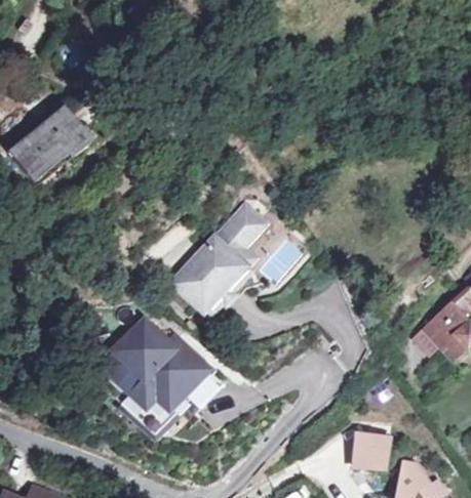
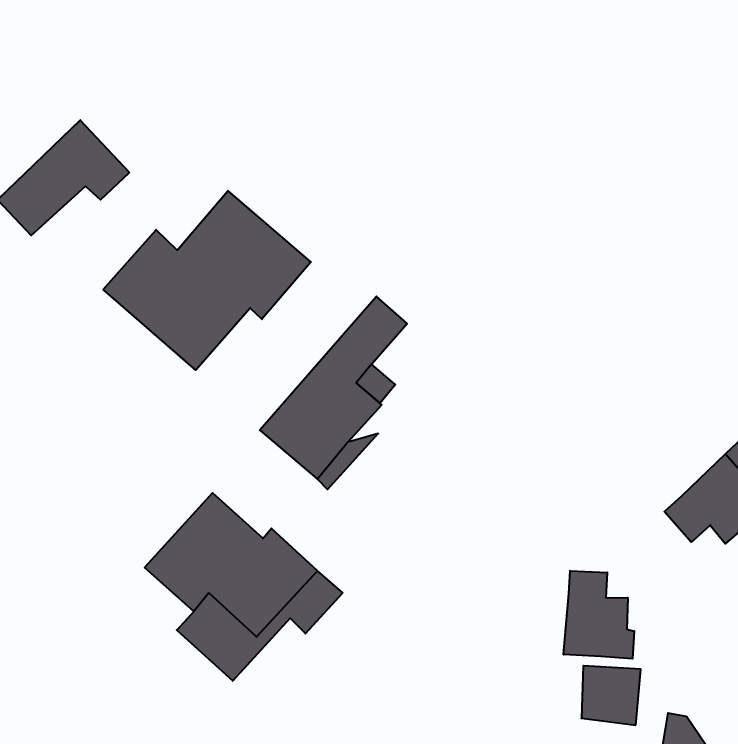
building: none -> [103,191,311,370]
building: none -> [564,571,634,659]

